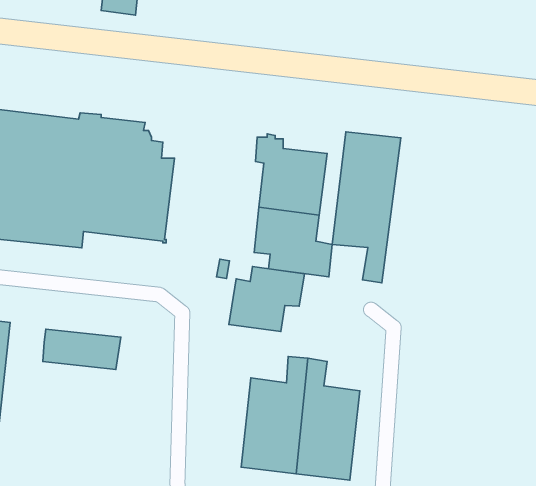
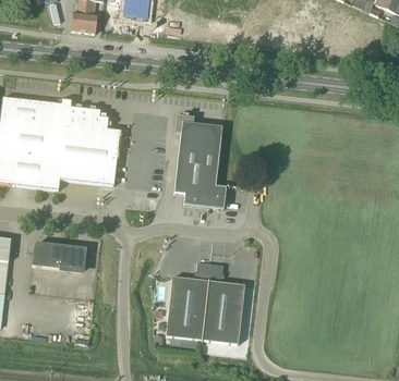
building: [332,132,401,283] -> none
building: [229,267,305,332] -> none

